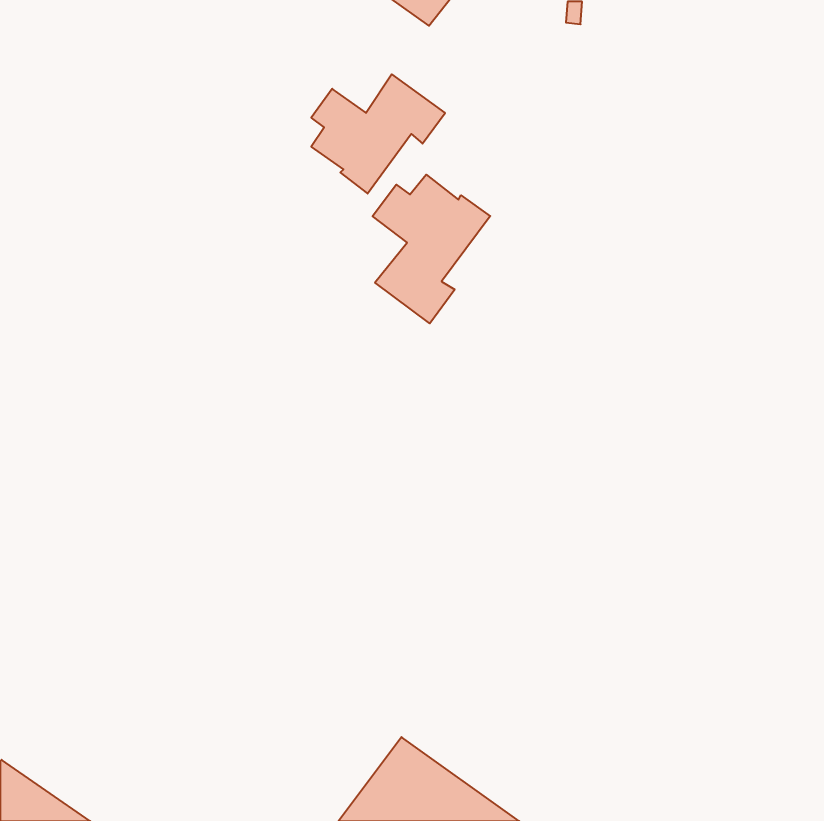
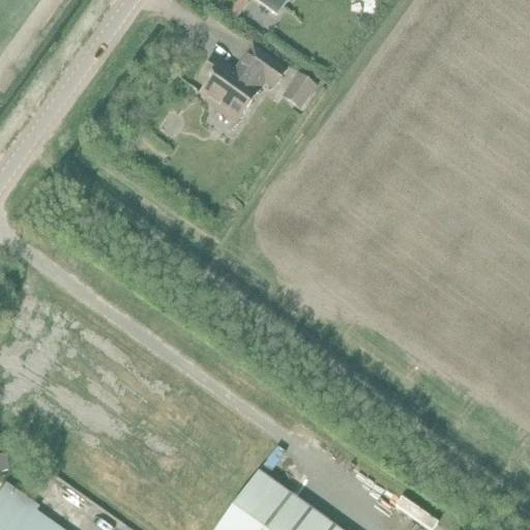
building: none -> [281,75,316,111]
building: [373,175,490,323] -> none

